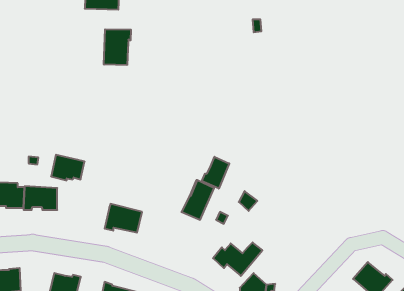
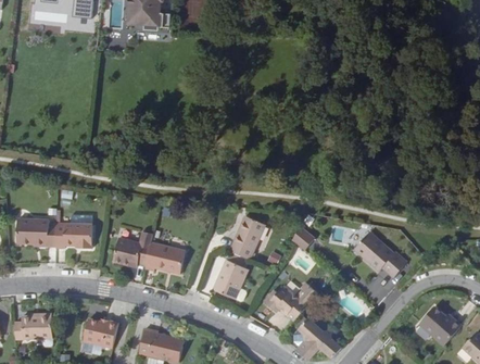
building: [104,29,131,65] -> none
building: [51,155,85,180] -> [113,237,150,265]
building: [202,157,229,189] -> none
building: none -> [354,230,407,277]
building: none -> [213,259,248,299]

